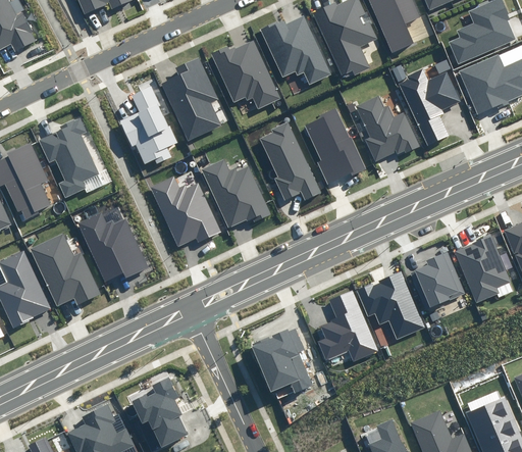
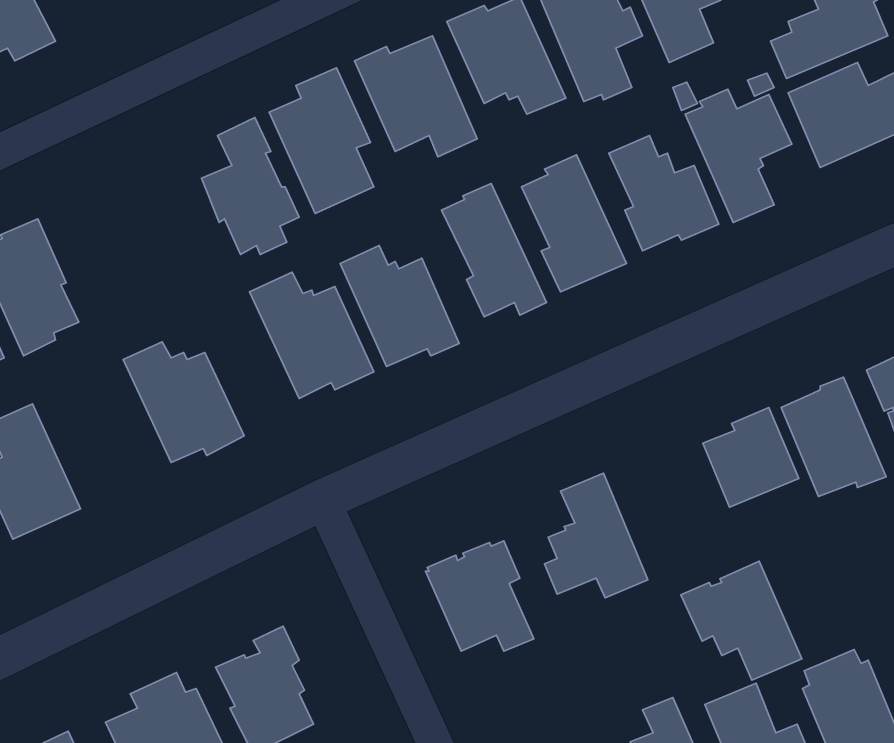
building: [38,116,98,198] -> none
building: [29,232,100,307] -> none
building: [355,271,424,340] -> [681,561,802,680]

